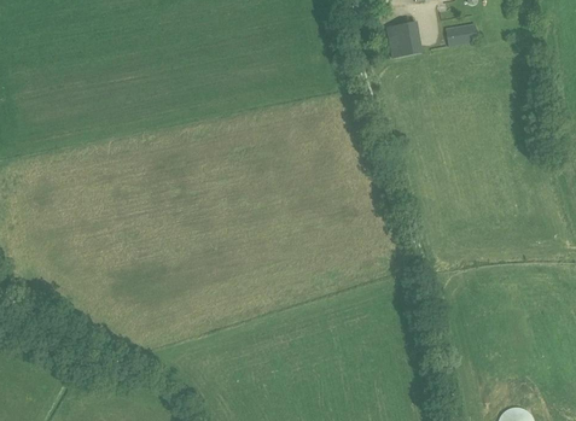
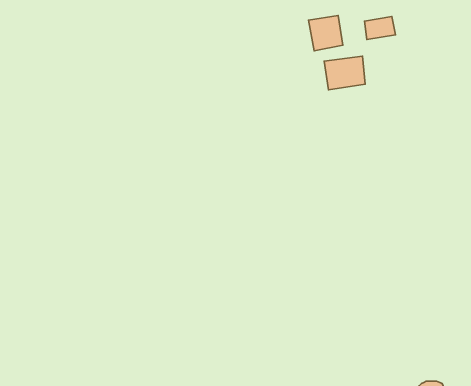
building: none -> [324,56,365,90]

